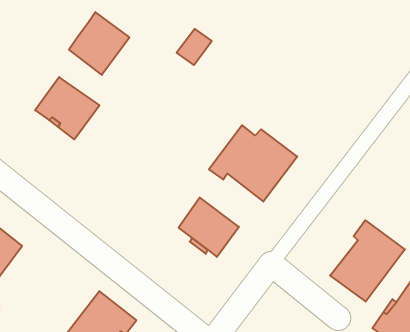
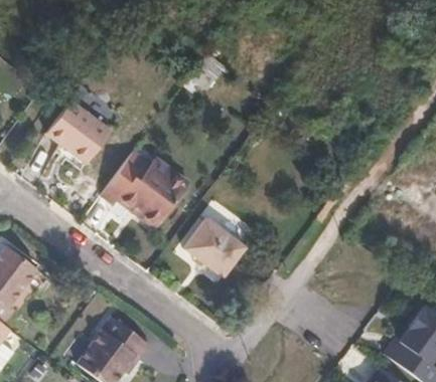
building: [69,12,129,75] -> none
building: [209,125,297,202] -> [102,151,190,227]
building: [330,220,405,302] -> none

